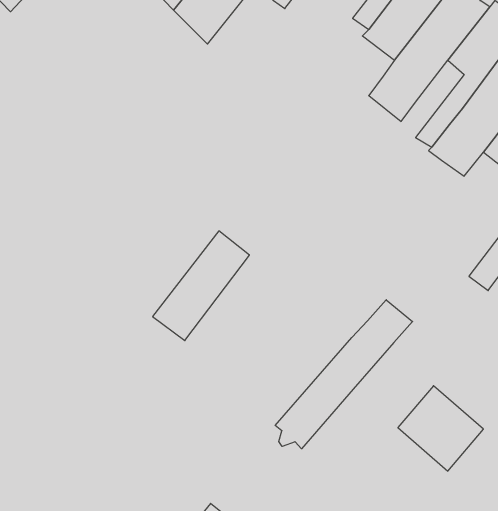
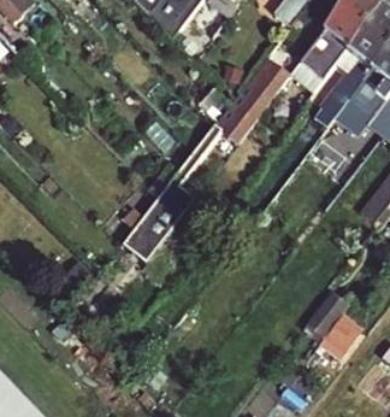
building: none -> [195,55,289,164]
building: [275,300,413,449] -> none

